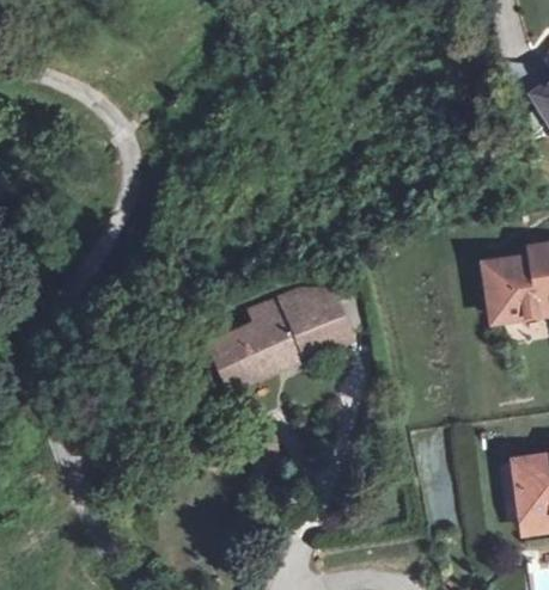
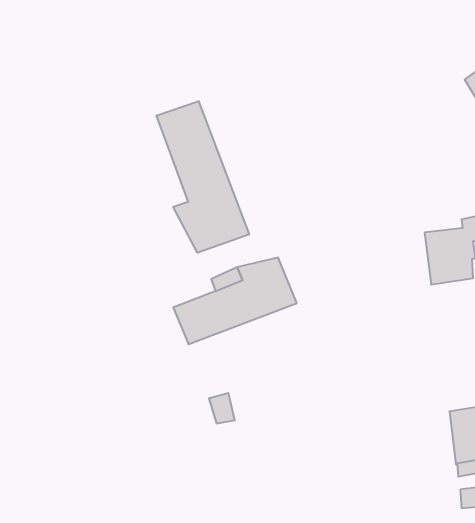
building: none -> [156,101,249,253]

